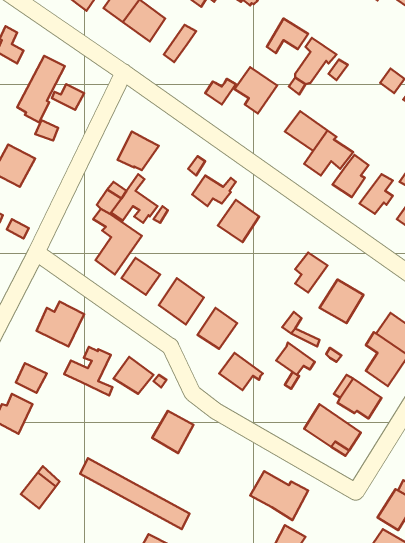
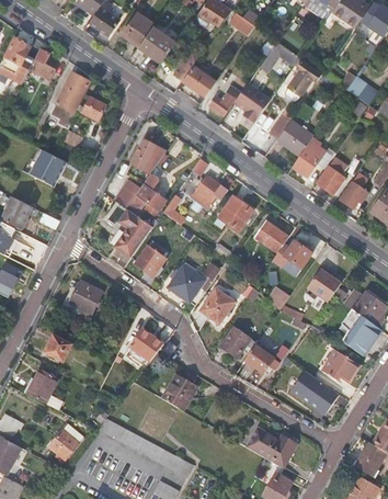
building: none -> [181,64,215,94]
building: none -> [255,220,289,252]
building: [276,343,315,375] -> [244,347,277,374]
building: [64,347,112,396] -> none

